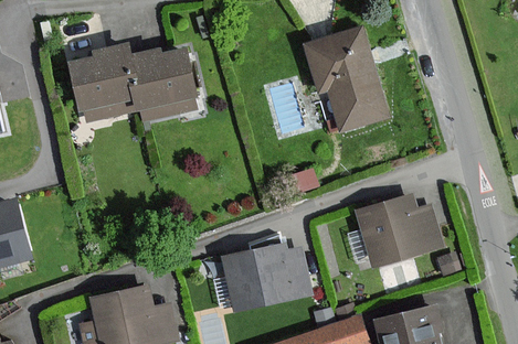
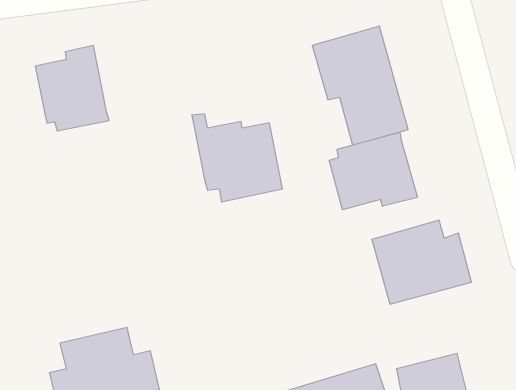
building: [117,44,194,119] -> [192,114,282,202]
building: none -> [329,132,417,210]
building: [223,244,310,311] -> none

